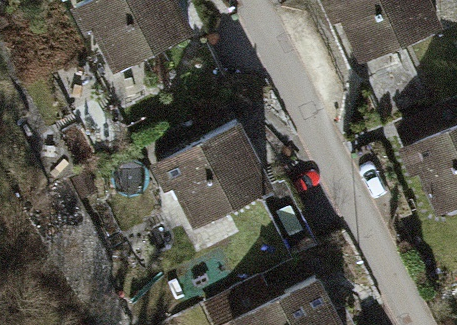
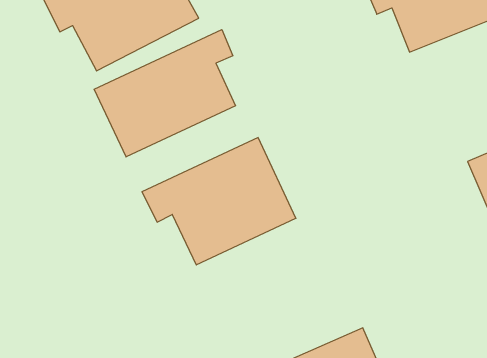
building: none -> [94,30,236,157]

